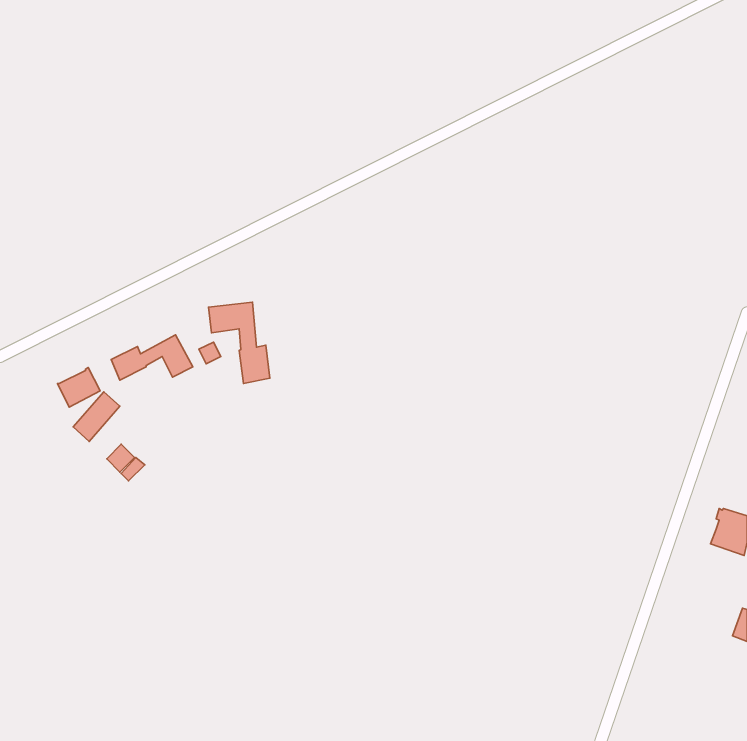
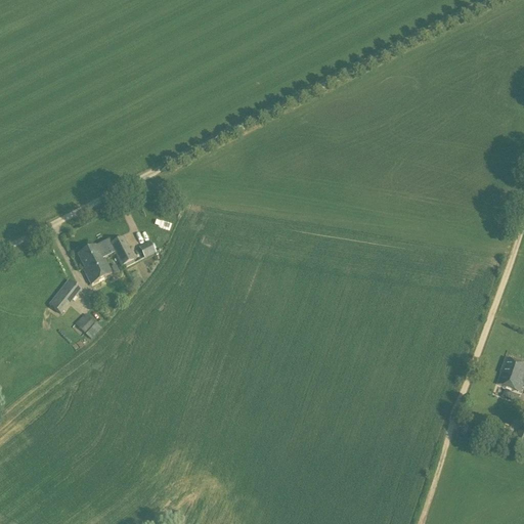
building: [208,302,270,384] -> none
building: [58,368,100,407] -> [83,255,113,282]

